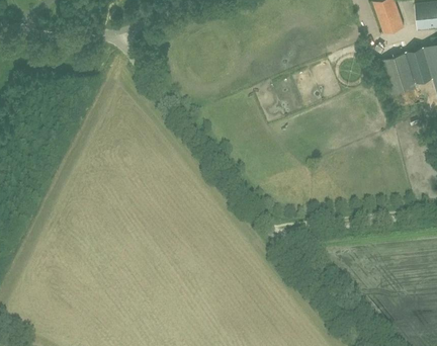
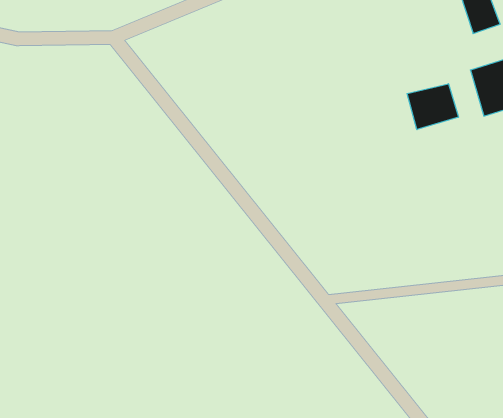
building: none -> [407,84,458,130]

